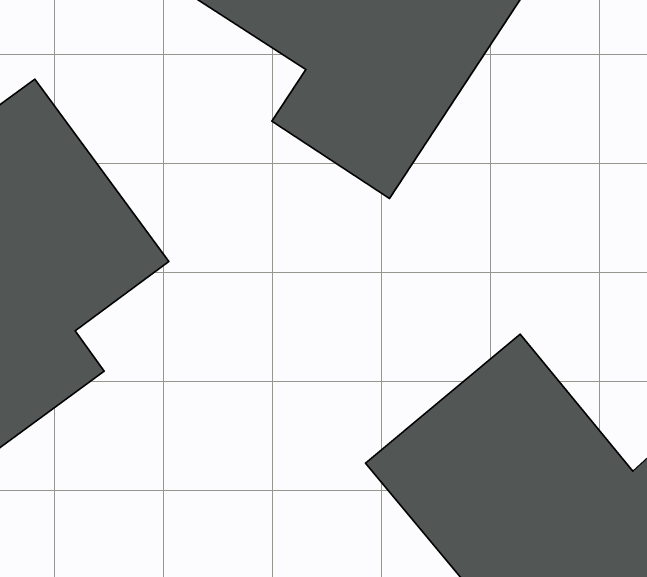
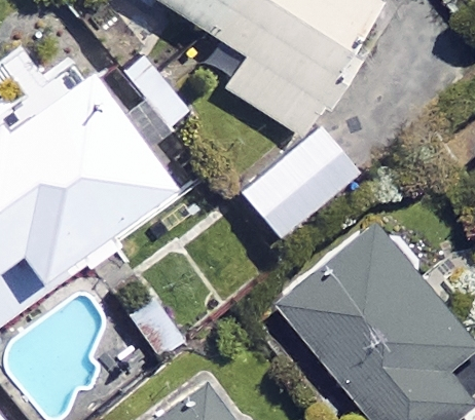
building: none -> [240,126,358,239]

